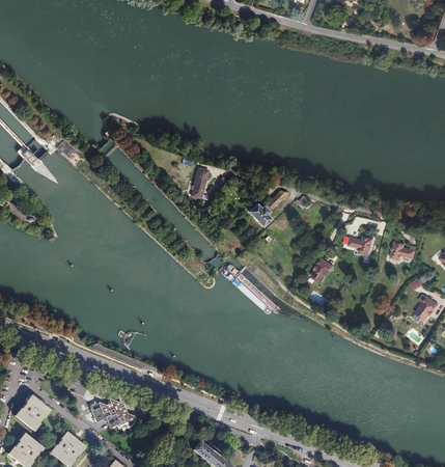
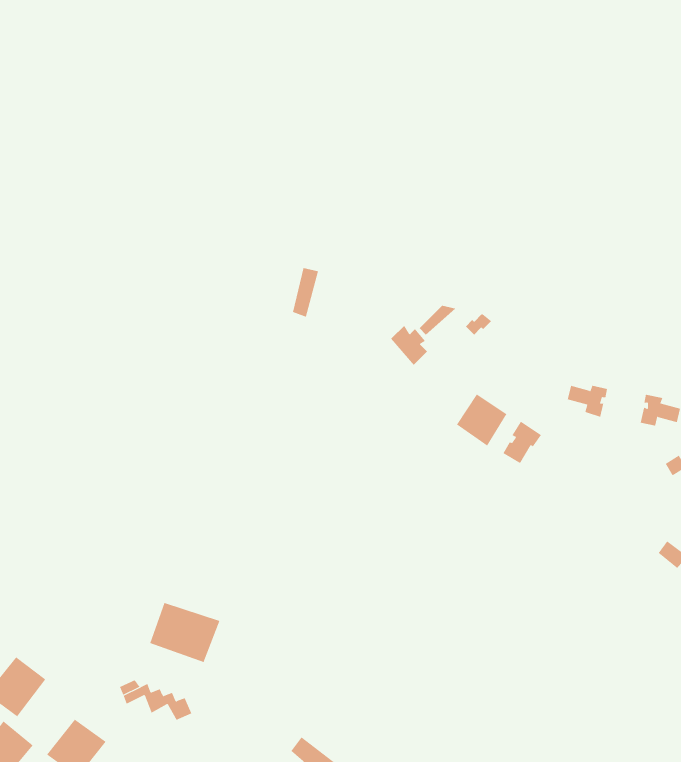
building: none -> [456,394,507,446]
building: none -> [150,602,220,663]

